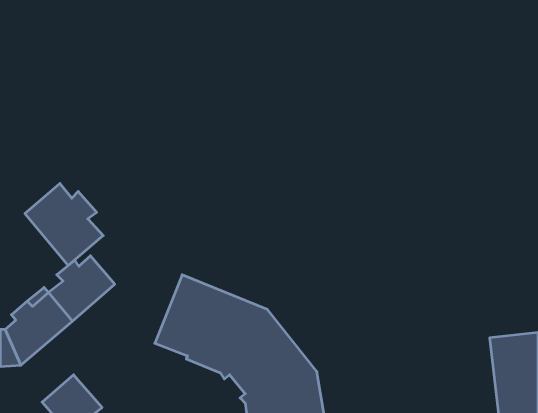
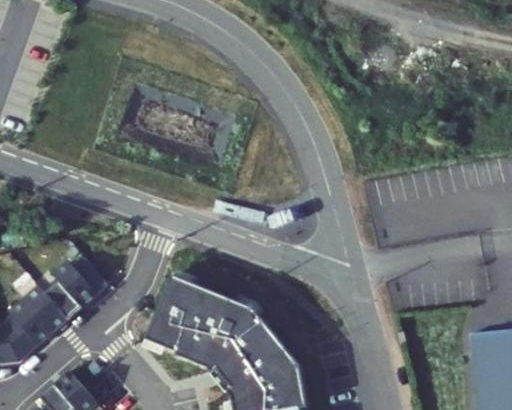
building: [25,183,103,265] -> none

